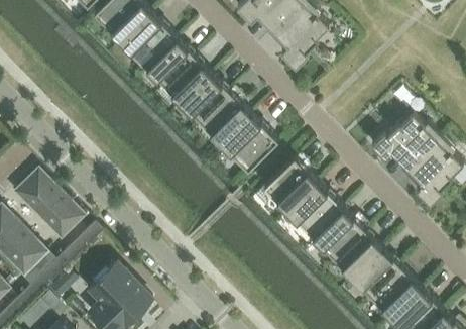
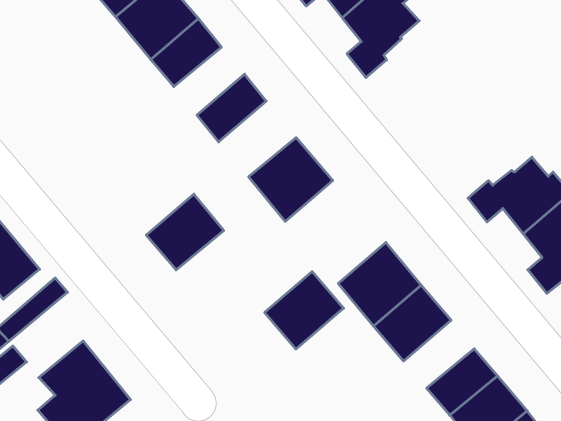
building: [163,57,211,104] -> none
building: [197,91,249,143] -> [146,194,224,270]
building: [262,157,316,211] -> [265,272,344,349]
building: [334,230,381,278] -> none

